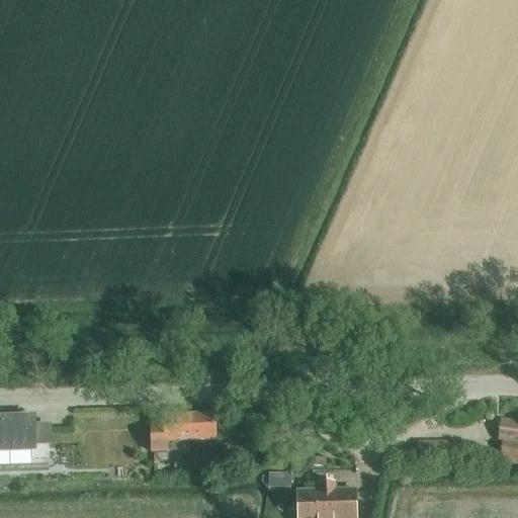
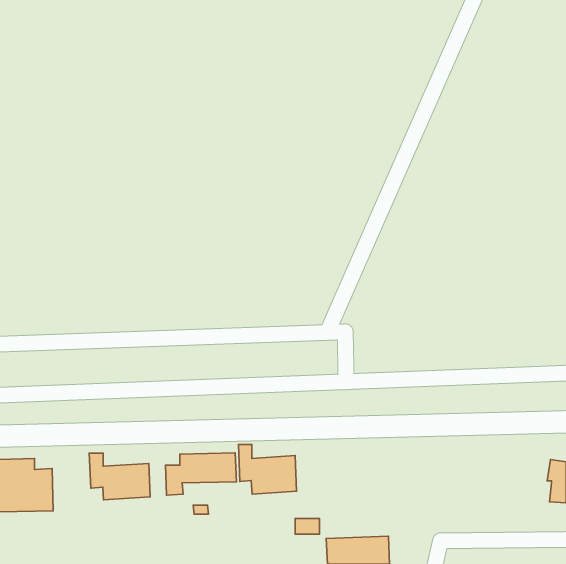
building: none -> [238,444,296,494]
building: none -> [89,453,150,500]

